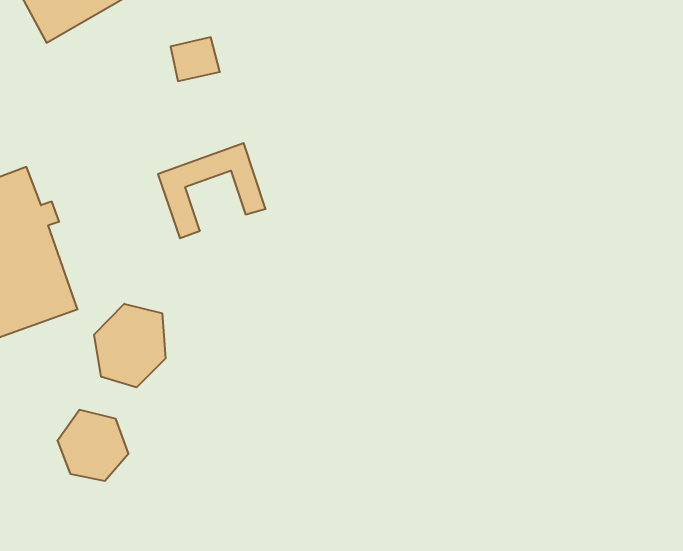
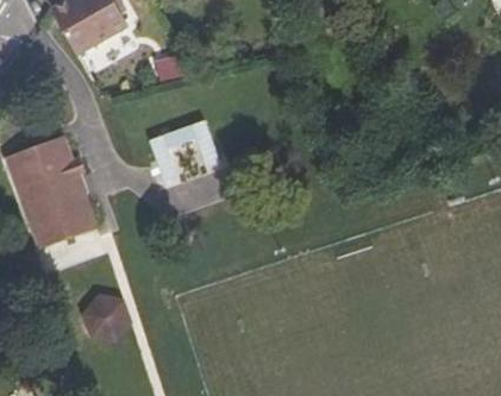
building: [94,304,165,387] -> none

